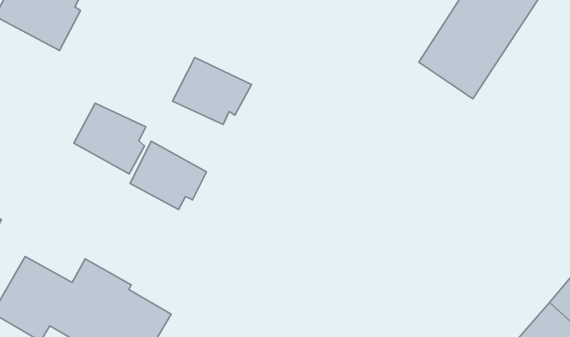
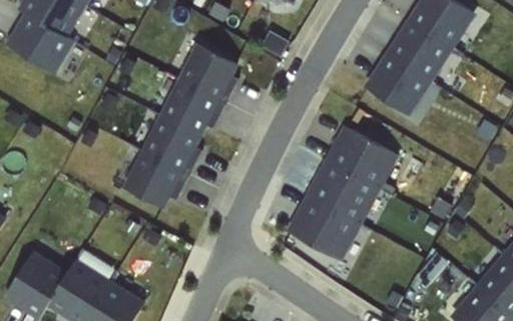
building: none -> [175,45,234,102]
building: [74,103,146,174] -> [138,116,199,177]
building: none -> [294,121,399,260]

